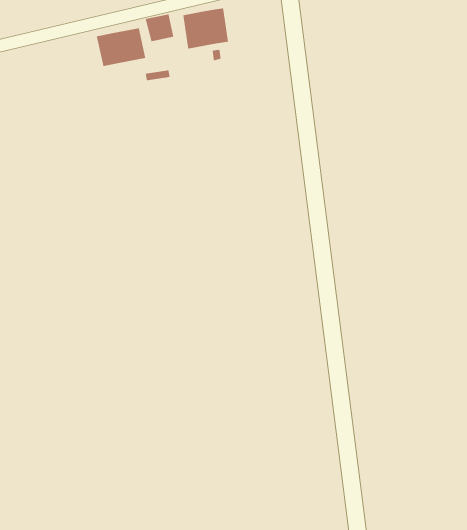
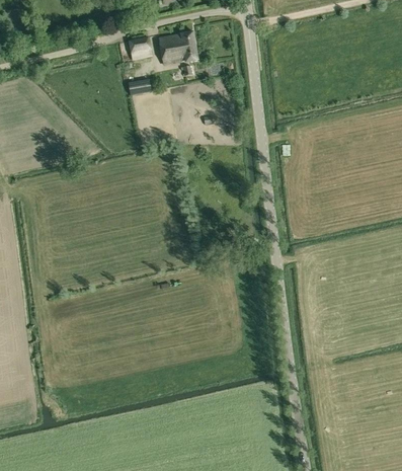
building: [96,28,146,67] -> none

